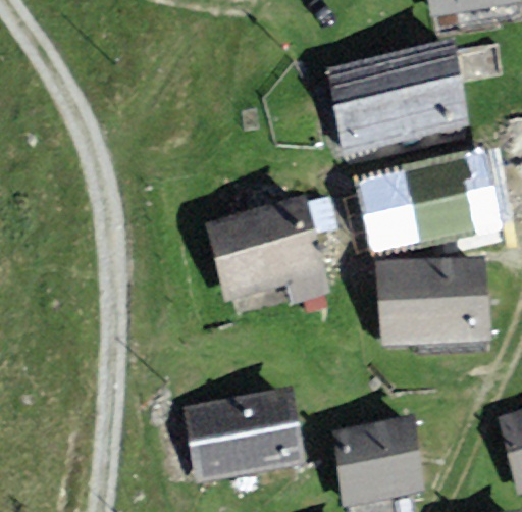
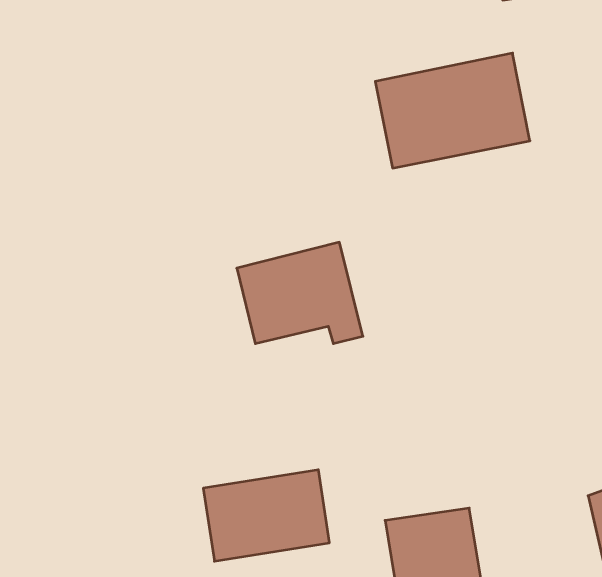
building: [364,159,491,253] -> none
building: [384,269,478,338] -> none

